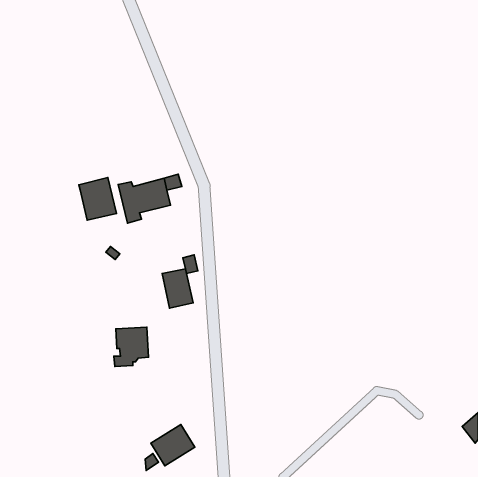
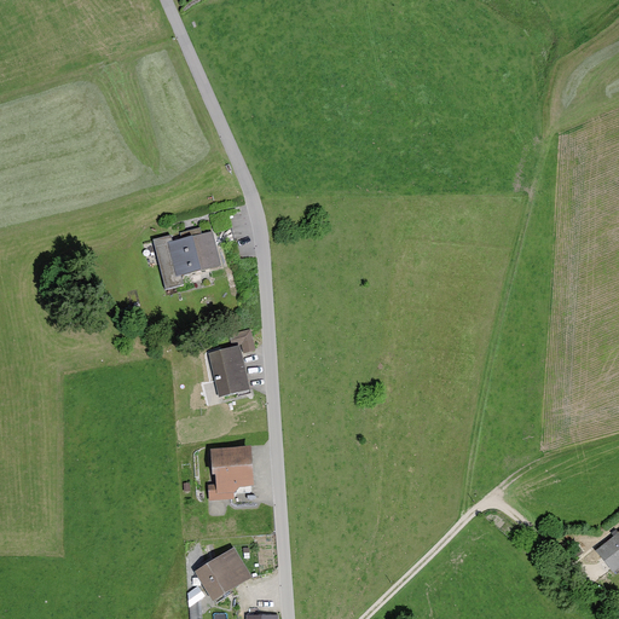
building: [79,177,117,220] -> none
building: [114,327,149,366] -> [208,447,253,498]

